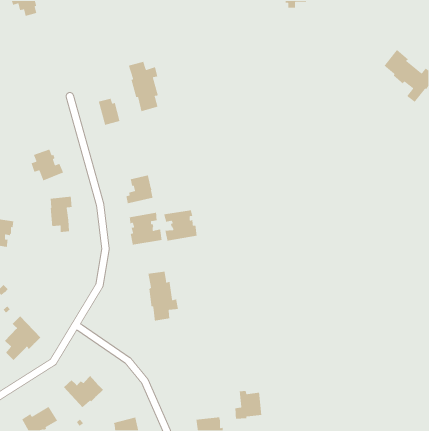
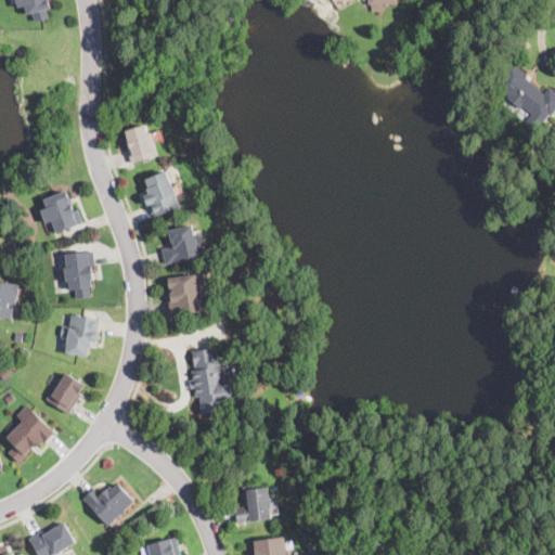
building: [128,61,159,112] -> none
building: none -> [144,171,179,216]
building: [163,210,197,241] -> none
building: none -> [59,313,100,357]
building: none -> [44,372,82,414]
building: [234,390,262,420] -> [234,485,270,522]

